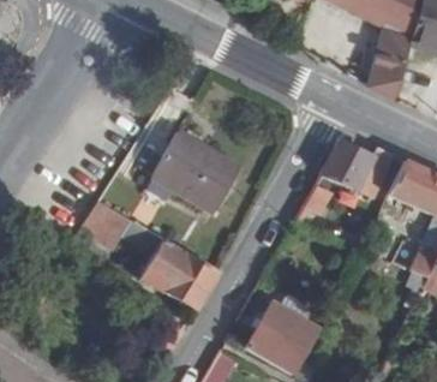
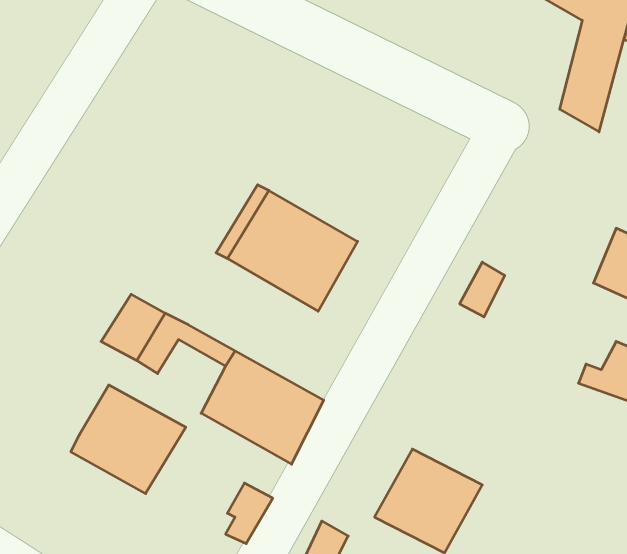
building: [324,141,389,195] -> none
building: none -> [71,385,186,494]

